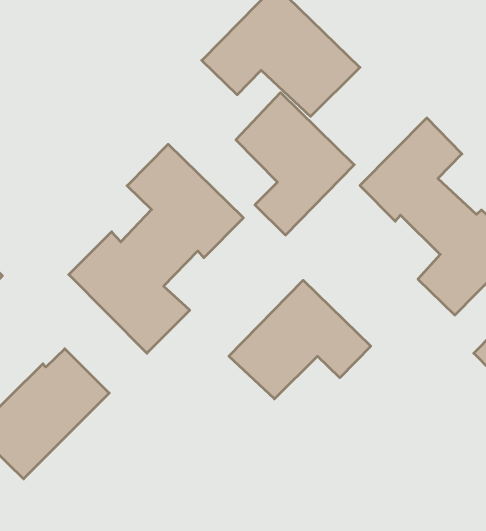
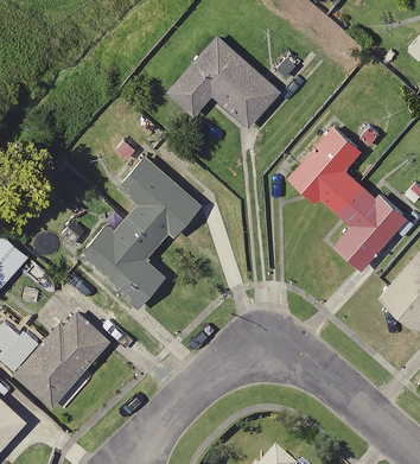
building: [236,93,354,235] -> none
building: [229,280,371,399] -> none

